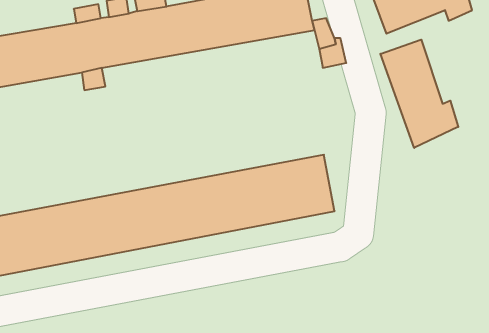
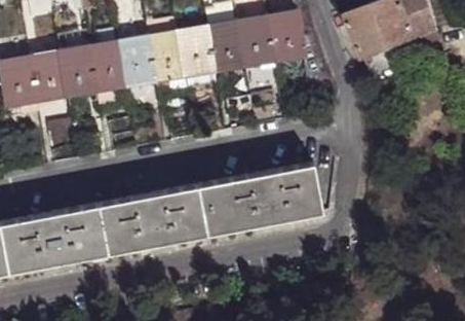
building: [380,40,458,148] -> none

